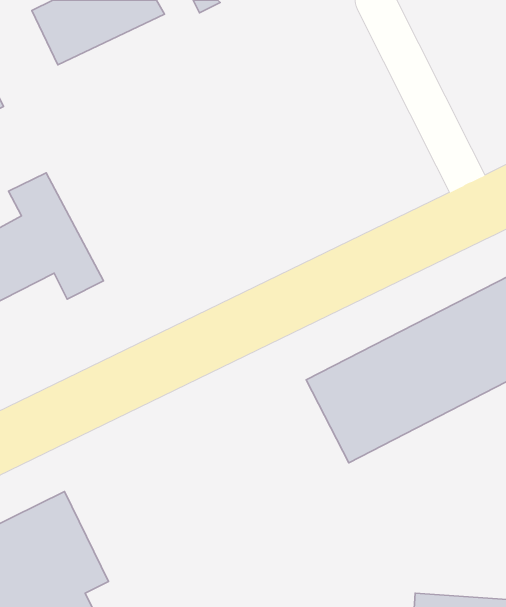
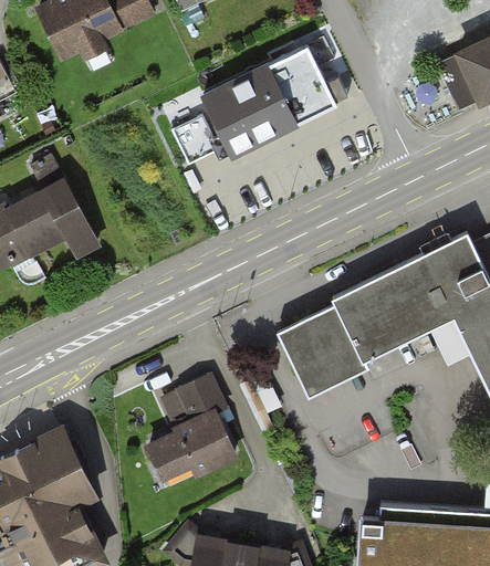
building: none -> [188,49,346,163]
building: none -> [139,376,234,492]

